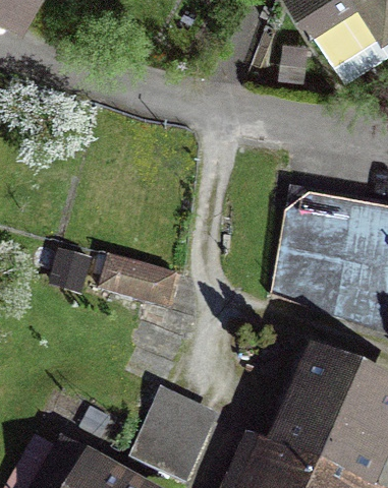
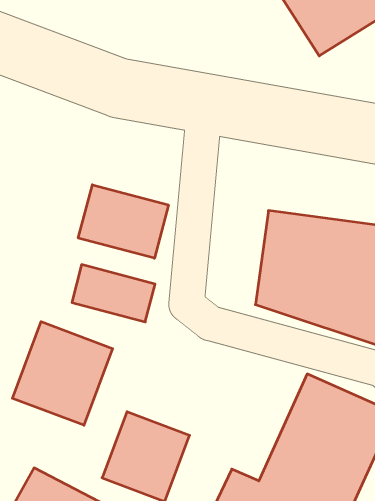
building: none -> [78,185,168,258]
building: none -> [12,322,113,425]

